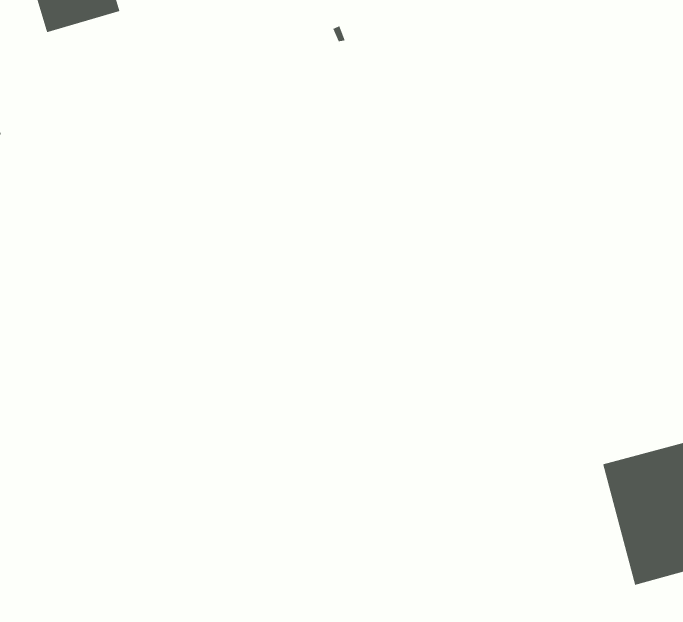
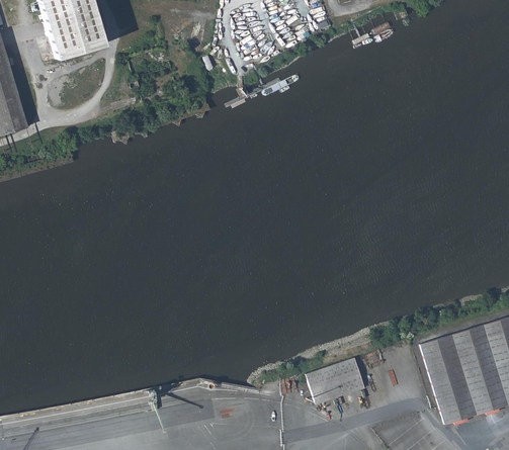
building: none -> [306,358,364,404]

